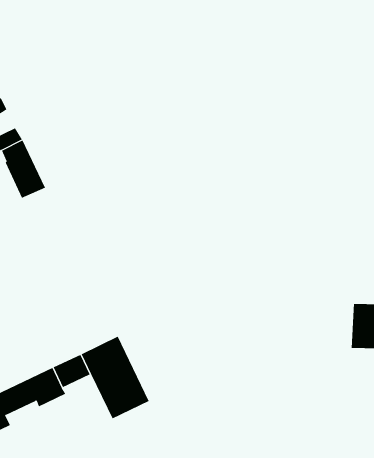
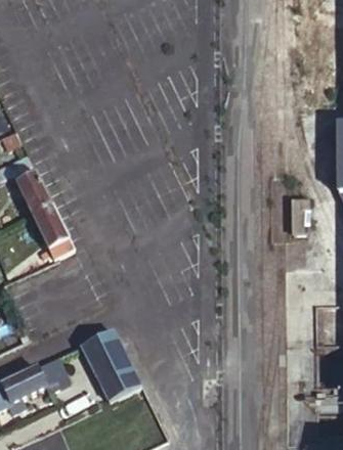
building: none -> [37,207,78,258]

